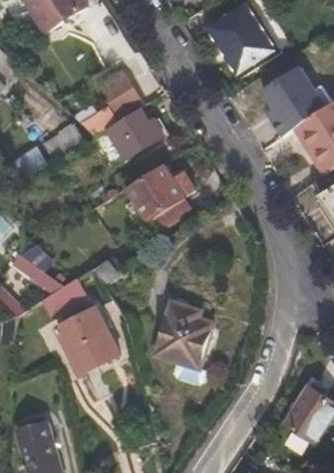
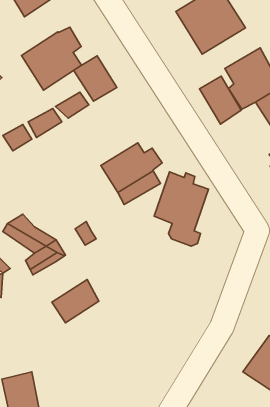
building: none -> [21,27,81,90]
building: none -> [199,76,241,124]
building: [107,113,159,163] -> none
building: [148,295,209,378] -> [154,172,209,246]
building: [57,299,109,346] -> none

